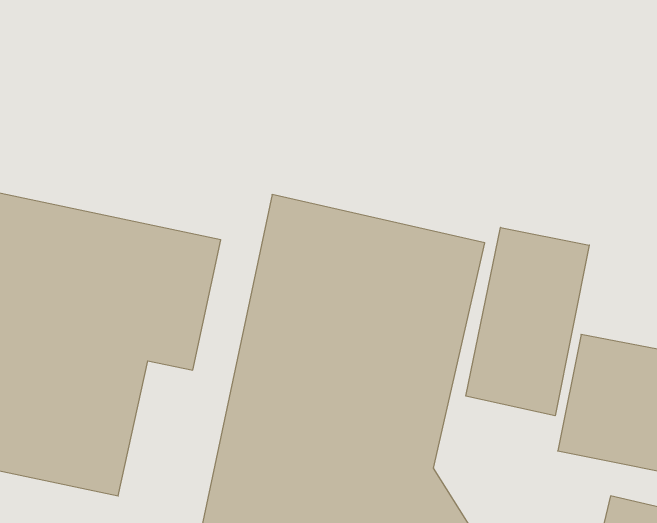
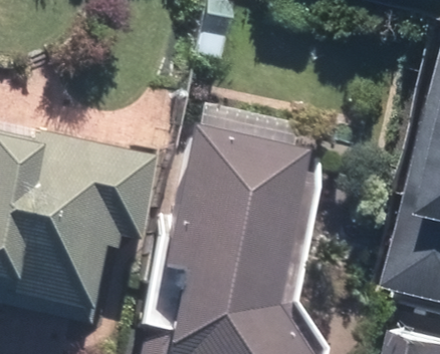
building: [466,227,589,416] -> none

